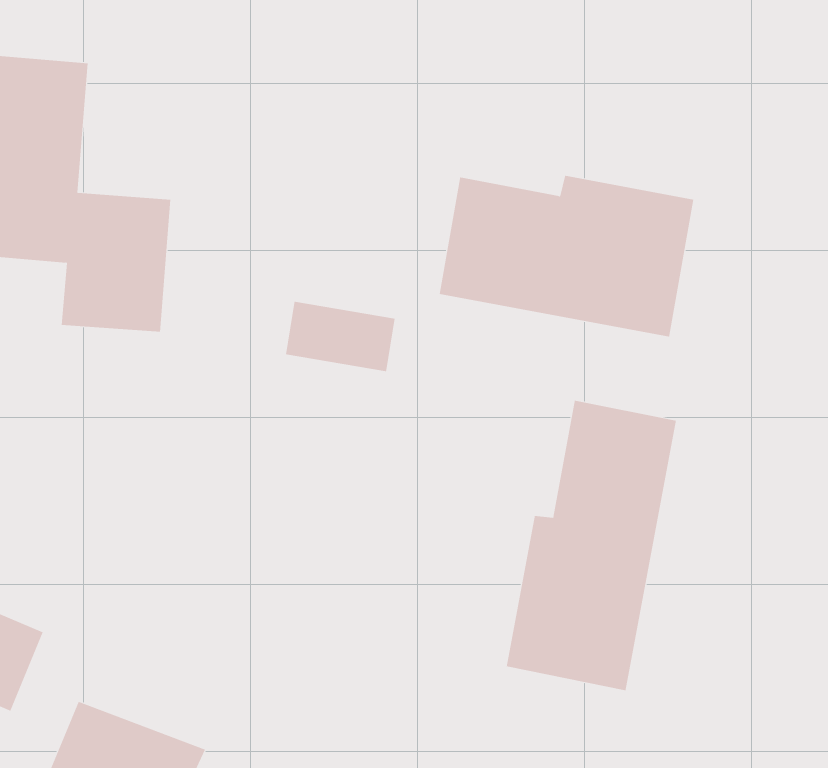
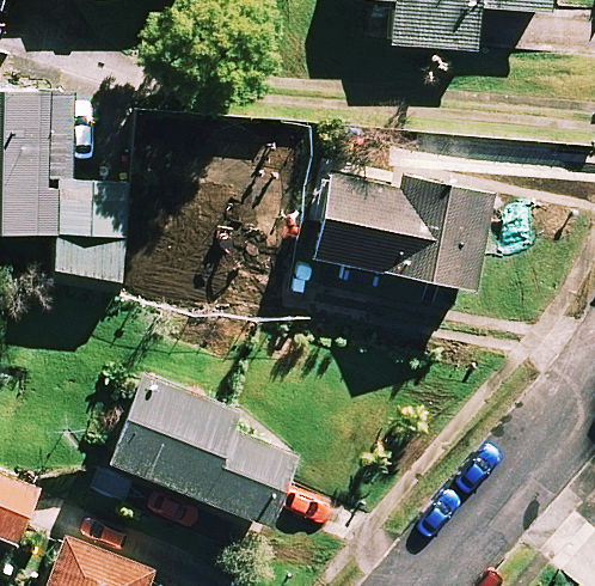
building: [506,400,676,691] -> none
building: none -> [106,377,294,521]

